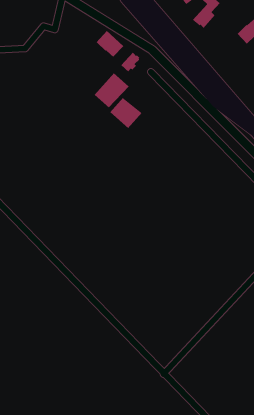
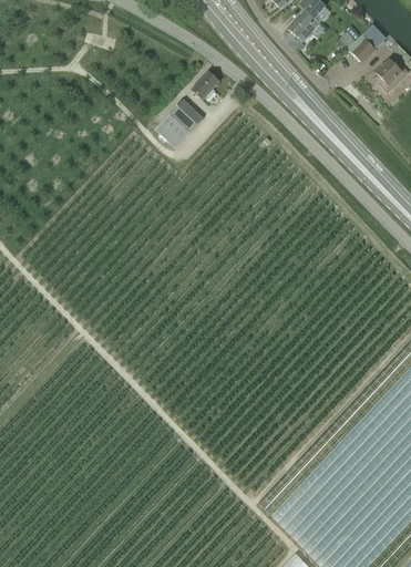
building: [96,30,124,57] -> none
building: [109,97,143,129] -> none

